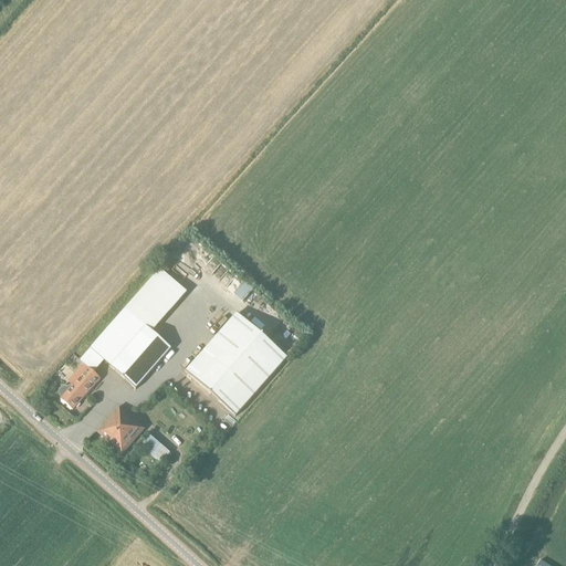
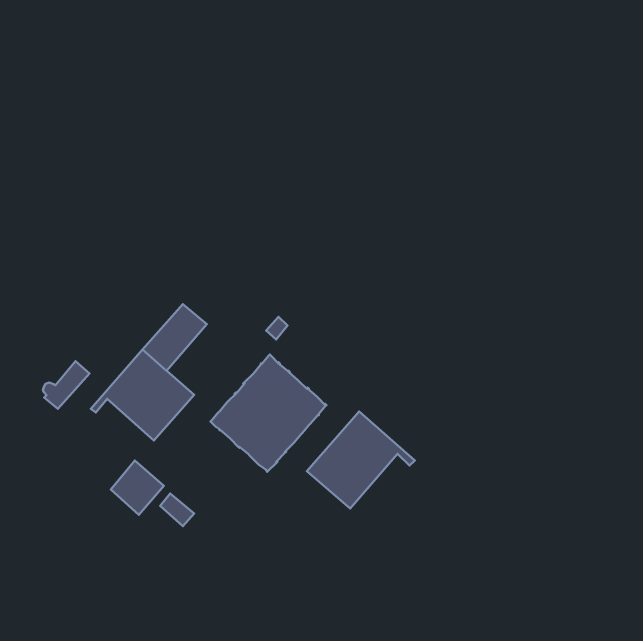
building: none -> [307,411,415,508]
building: [60,365,101,407] -> [43,361,90,409]

